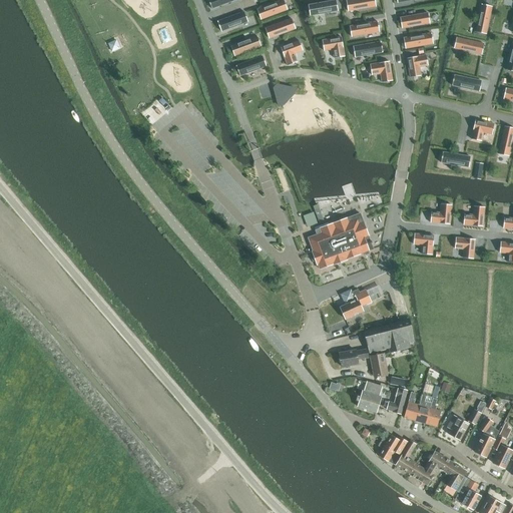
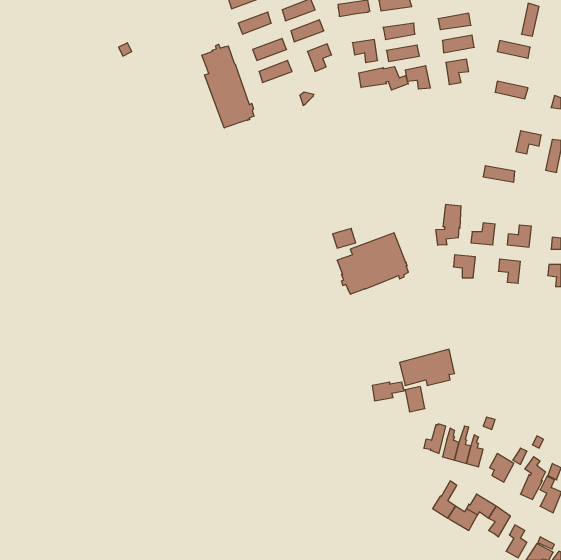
building: none -> [202,44,254,128]
building: none -> [359,67,408,90]
building: none -> [436,204,461,245]
building: [340,289,378,319] -> none
building: [358,381,383,412] -> none
building: [379,434,408,461] -> none

